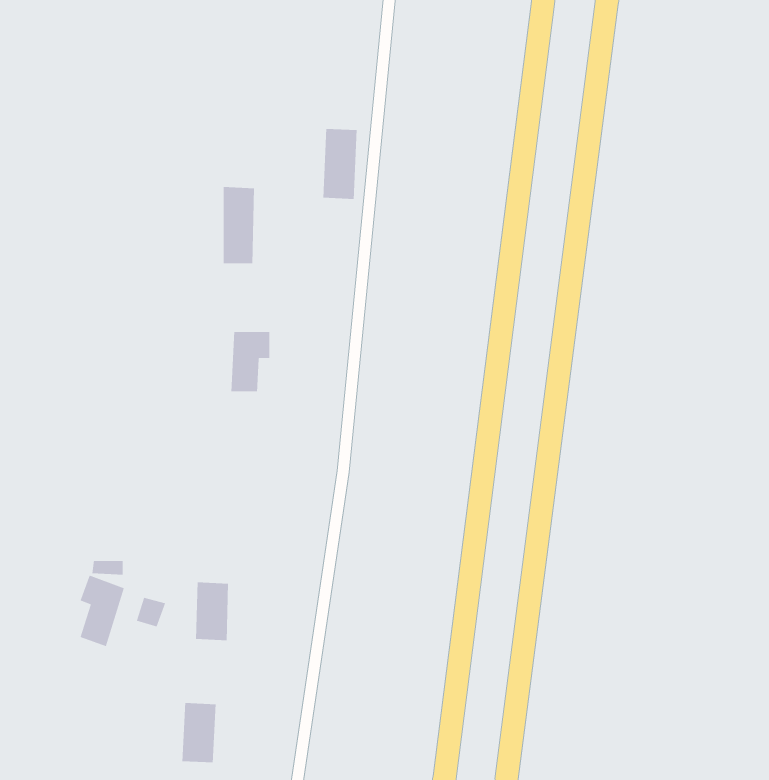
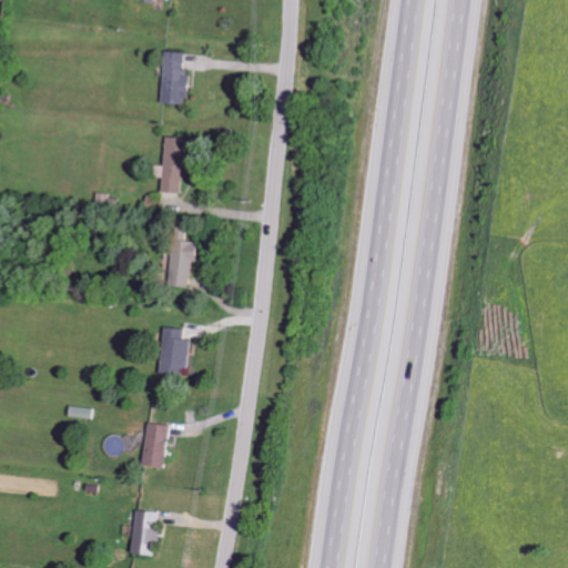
building: [323,128,358,200] -> [161,52,186,104]
building: none -> [160,327,186,375]
building: [79,575,125,647] -> none

